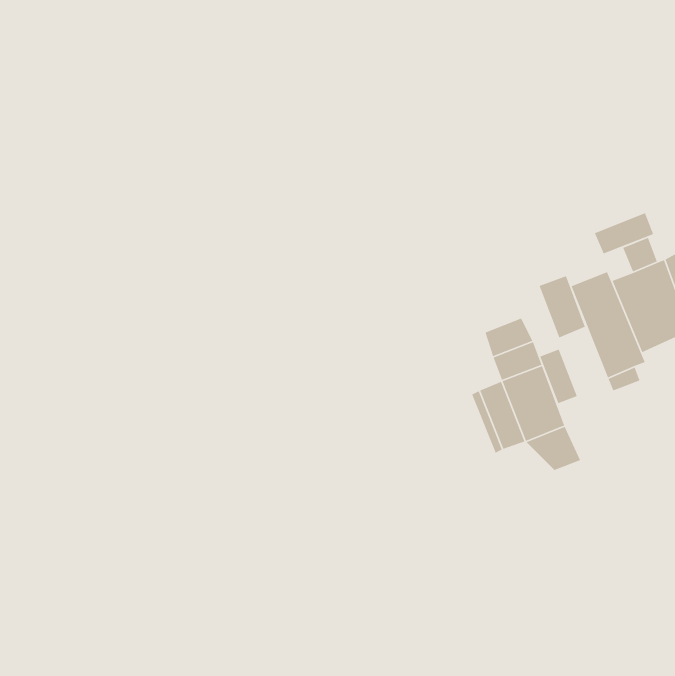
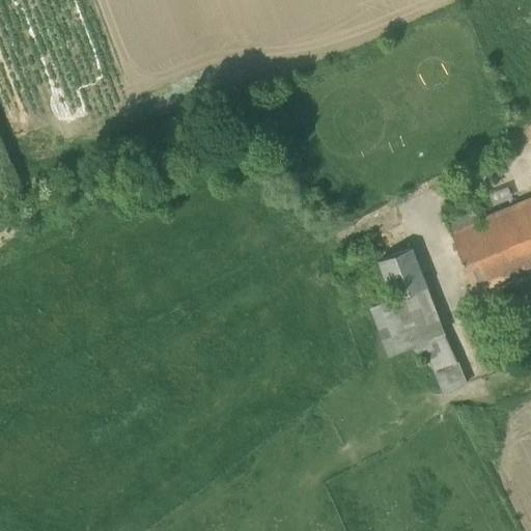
building: [594,212,654,254] -> none
building: [538,275,586,338] -> none
building: [539,348,578,404] -> none
building: none -> [436,361,467,393]

